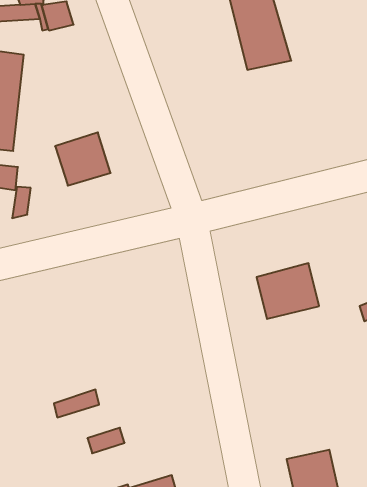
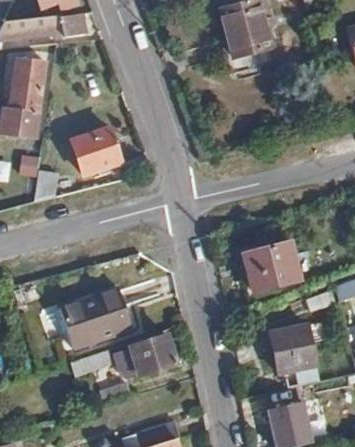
building: none -> [62,289,134,346]
building: none -> [271,327,310,374]
building: none -> [129,335,173,370]

